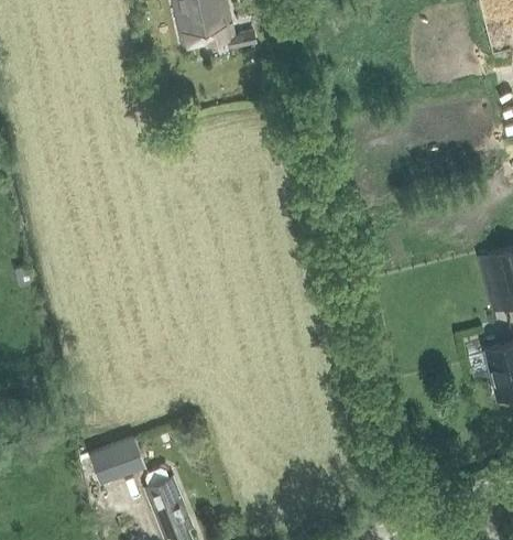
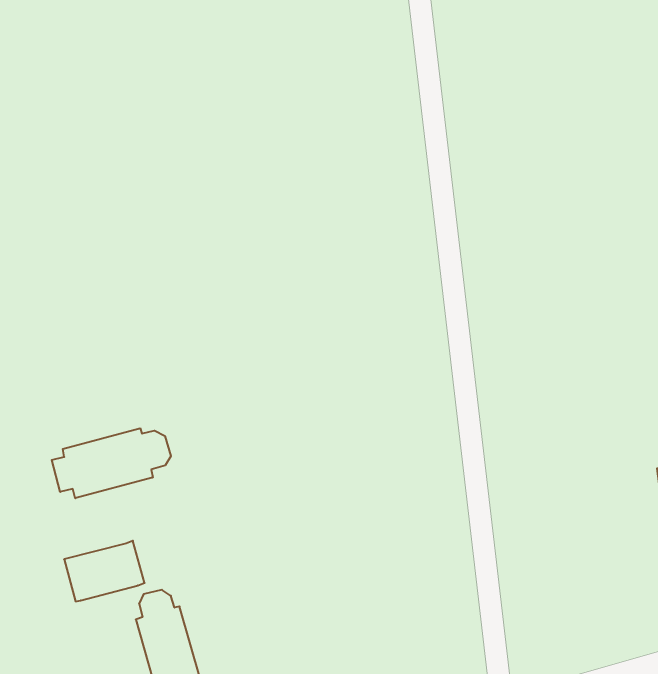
building: none -> [52,428,171,498]

